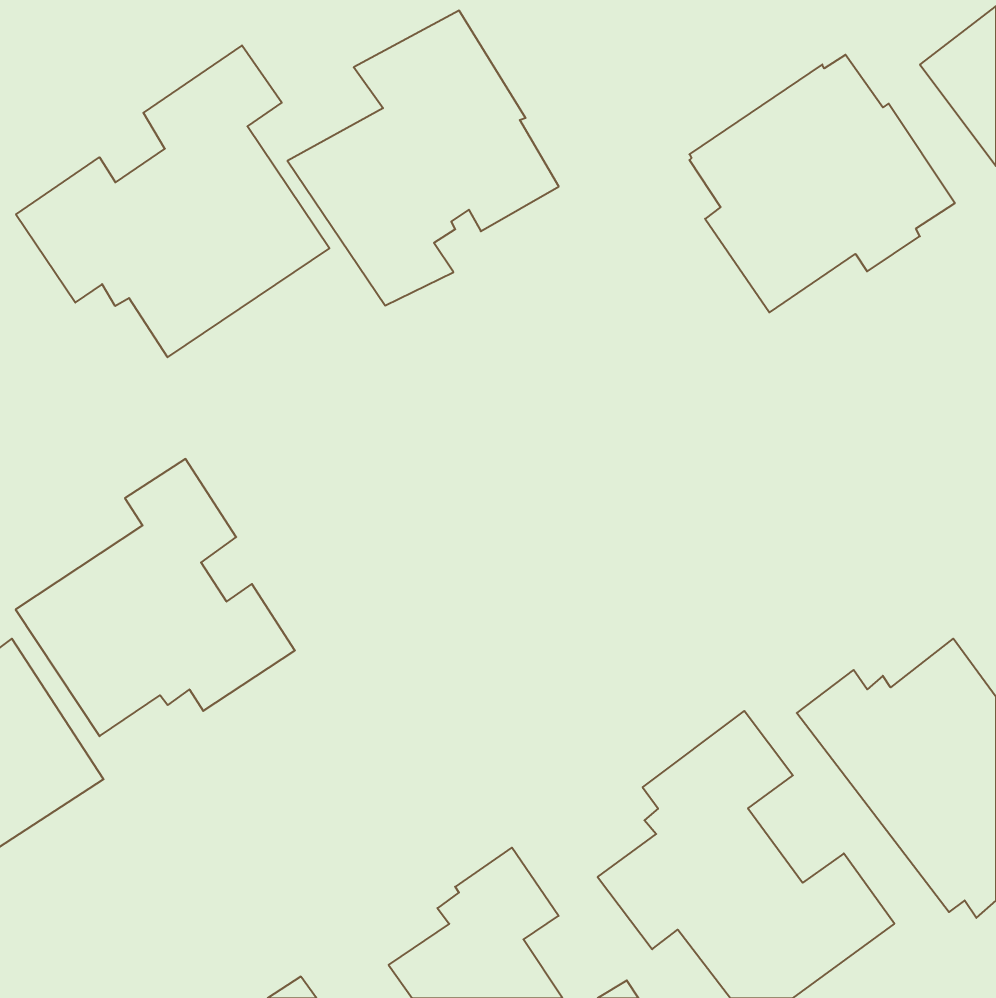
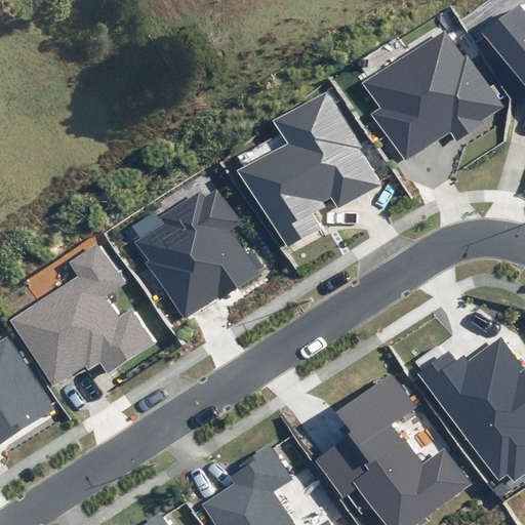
building: [287,11,559,305] -> [236,91,378,246]
building: [16,45,329,357] -> none
building: none -> [133,188,256,320]

